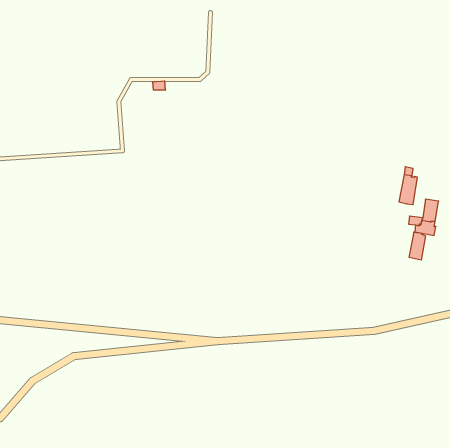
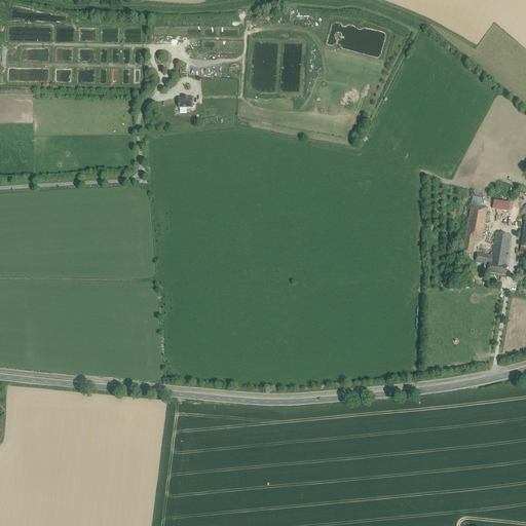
building: [409,232,426,260] -> none

